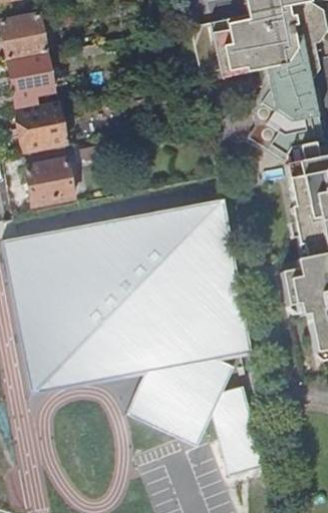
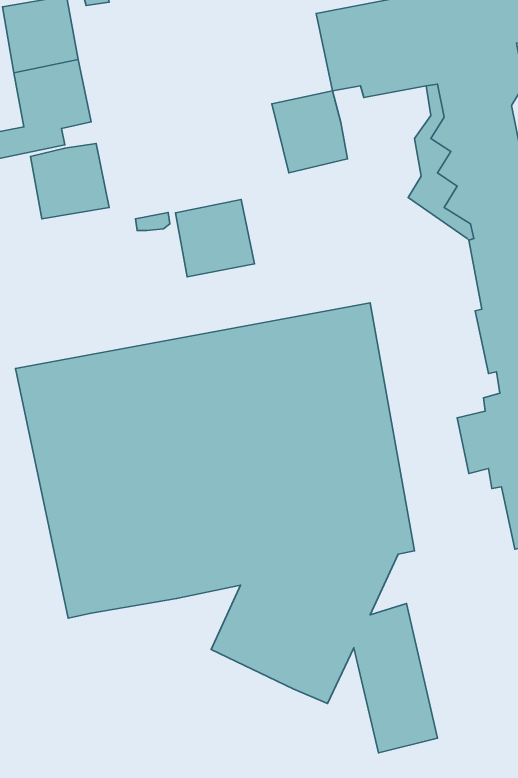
building: none -> [272,91,348,173]
building: [29,155,77,202] -> [176,200,254,277]

